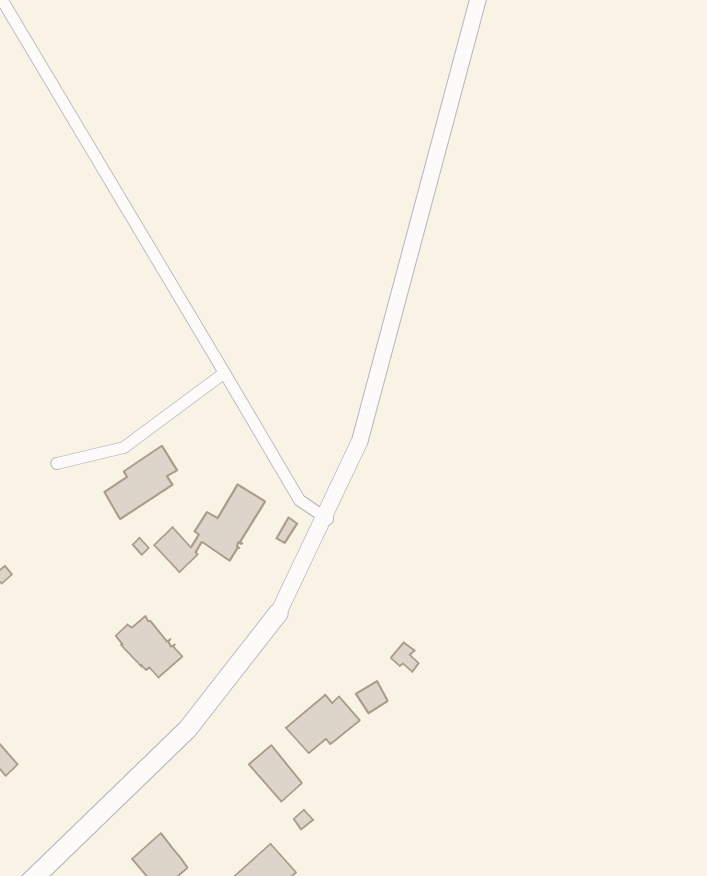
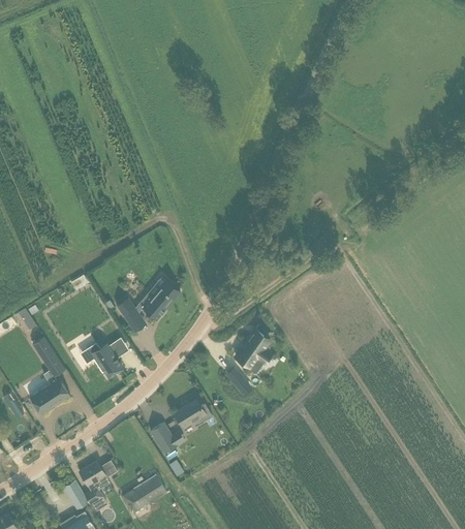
building: [104,446,177,519] -> none
building: none -> [236,330,270,367]
building: none -> [30,337,70,414]

